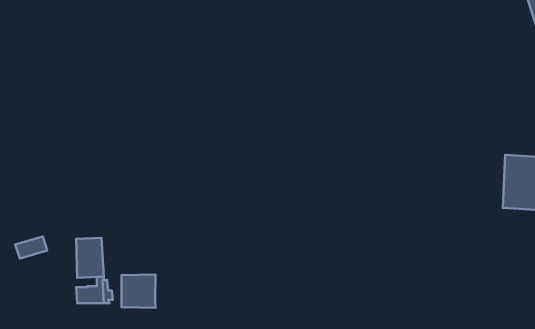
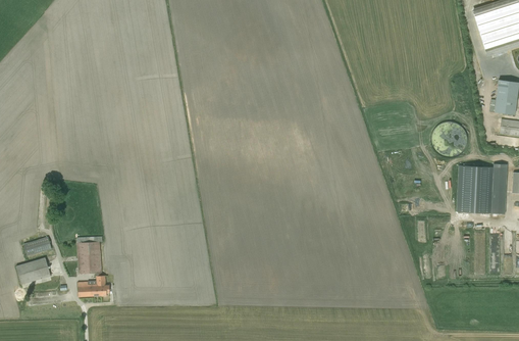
building: none -> [16,257,52,285]
building: [121,275,155,308] -> none

